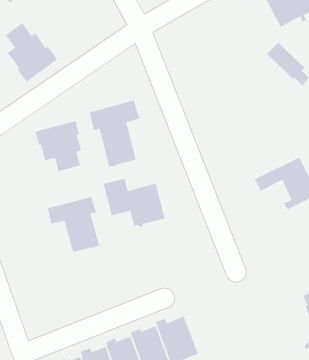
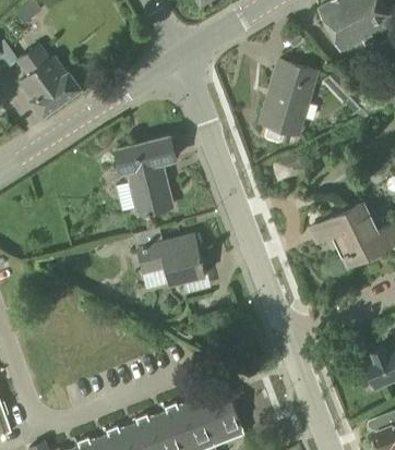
building: none -> [263,60,316,141]
building: [35,120,82,172] -> none
building: [47,196,100,253] -> none

